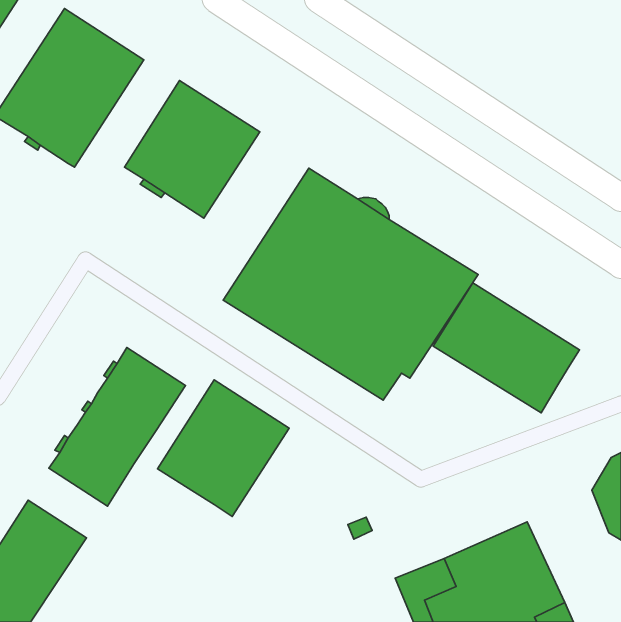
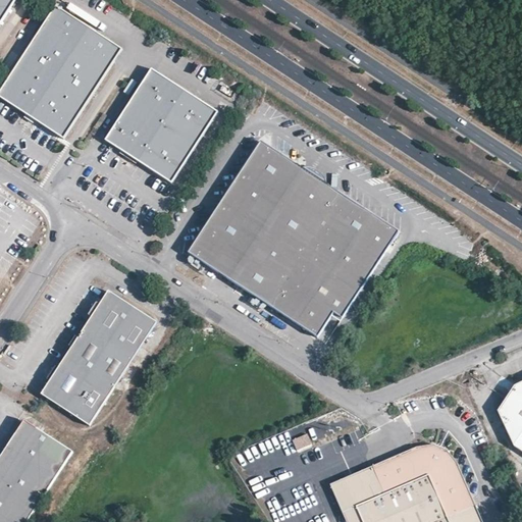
building: [433,283,580,413] -> none
building: [157,380,289,516] -> none

